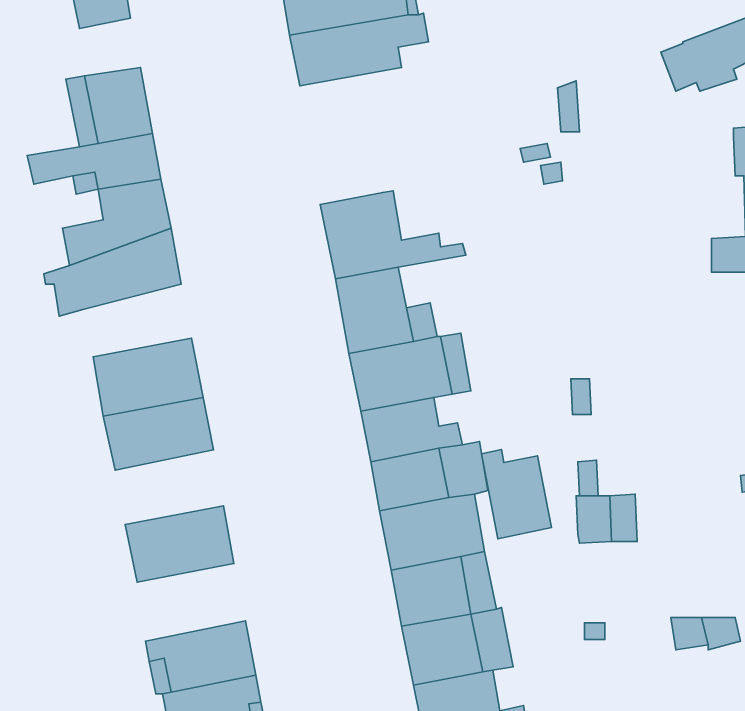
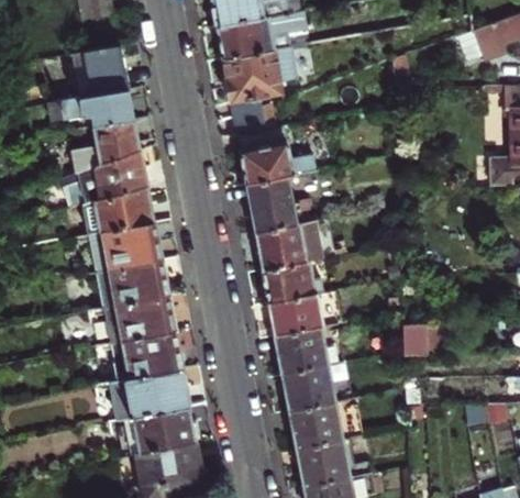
building: none -> [223,46,296,135]
building: none -> [82,187,153,234]
building: [482,449,551,539] -> none
building: none -> [103,295,174,343]
building: none -> [110,368,188,420]

